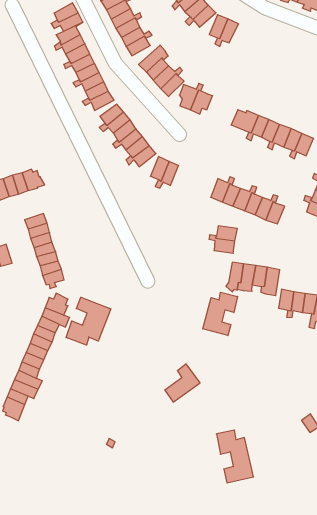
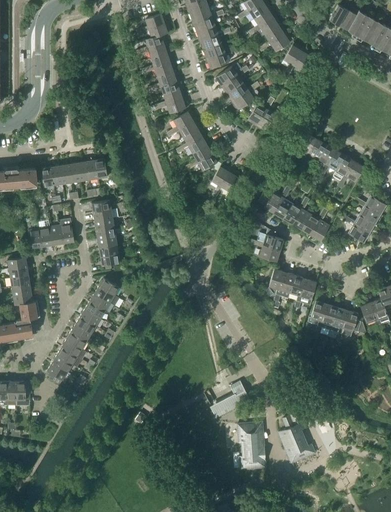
building: [203,292,238,336] -> none
building: [66,297,111,345] -> none
building: [165,364,200,402] -> [216,382,249,415]
building: none -> [278,413,314,463]

